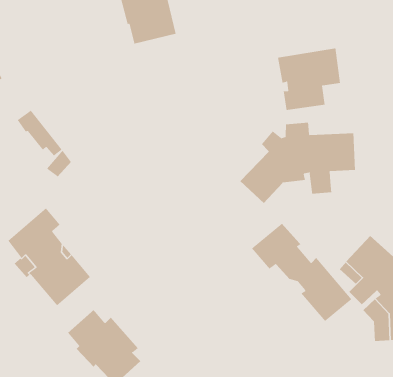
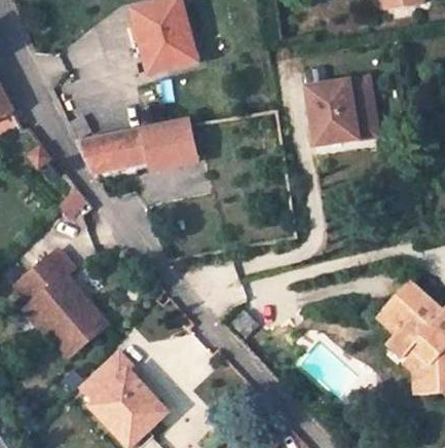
building: none -> [76,120,194,170]
building: [239,122,355,204] -> none
building: [251,223,352,322] -> none

